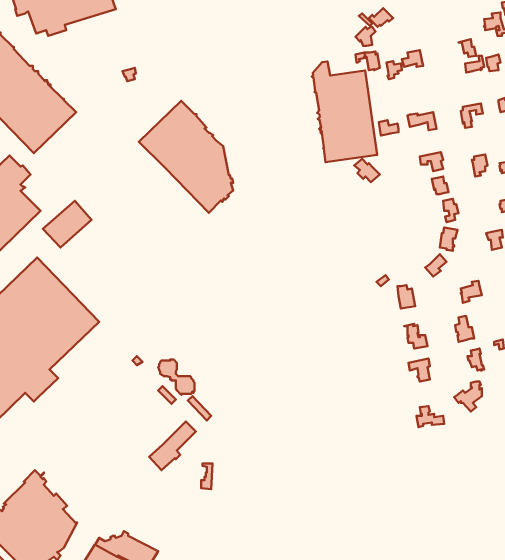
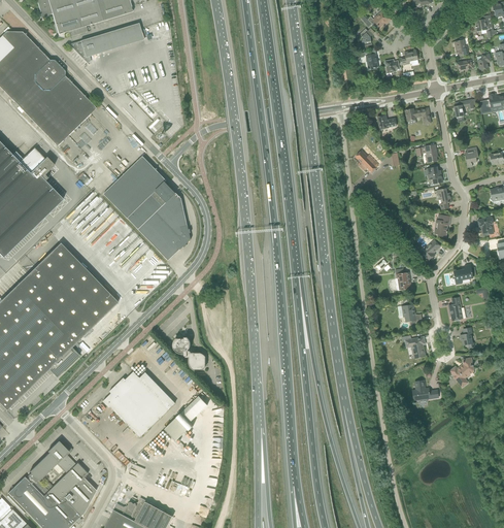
building: none -> [68,22,143,63]
building: [312,61,377,162] -> none
building: [139,101,233,213] -> [103,156,191,260]
building: none -> [103,371,175,437]

